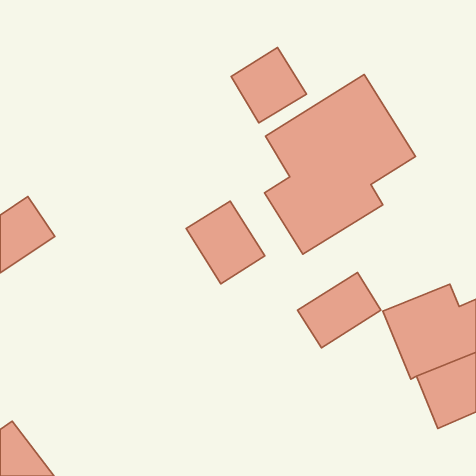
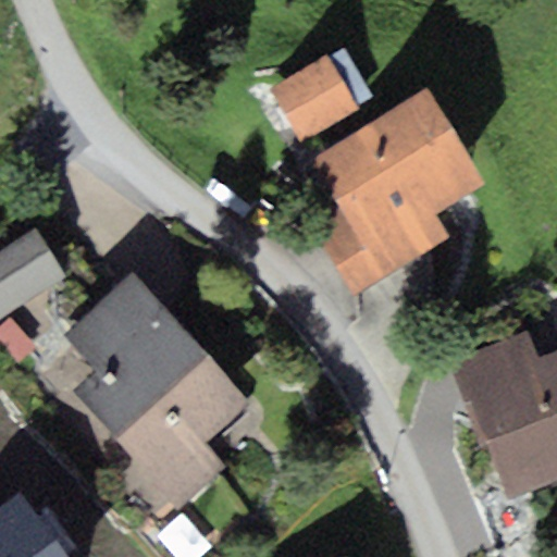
building: [186,201,265,284] -> none
building: none -> [62,271,250,509]
building: [297,273,381,348] -> none

